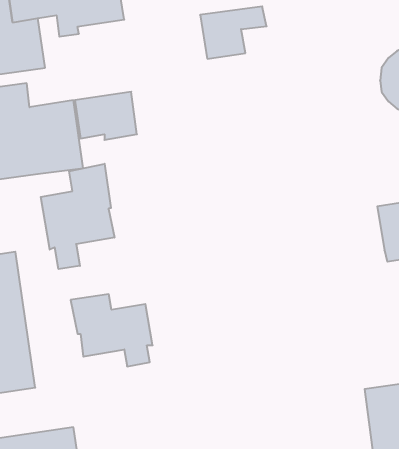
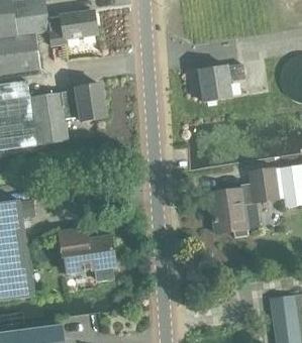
building: [200,6,267,59] -> [201,66,248,103]
building: [41,164,114,269] -> none
building: none -> [211,167,283,236]

